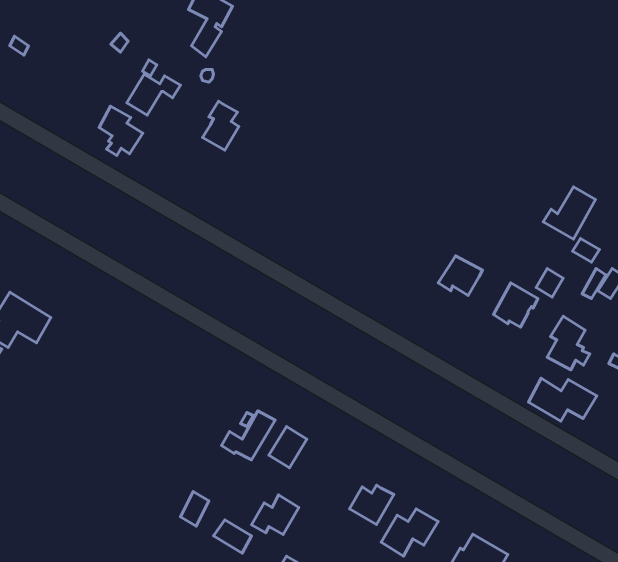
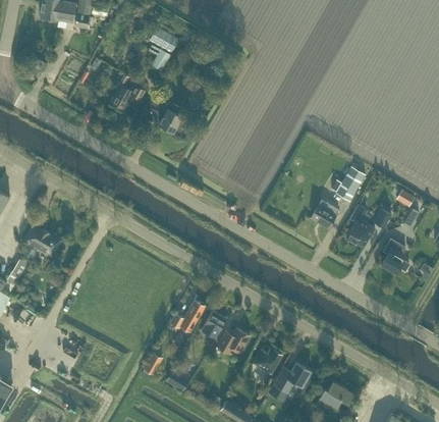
building: [99,106,143,156] -> none
building: [543,187,596,239] -> [330,166,364,200]
building: [528,378,597,421] -> none
building: [252,495,299,534] -> [218,328,249,354]

